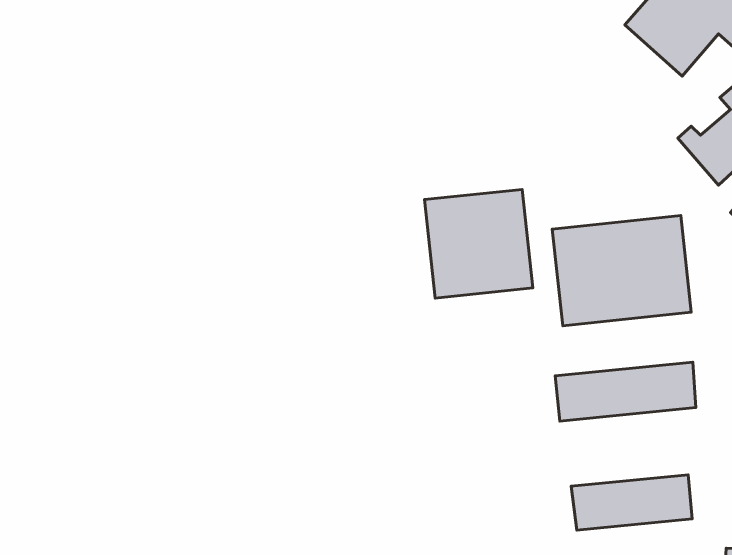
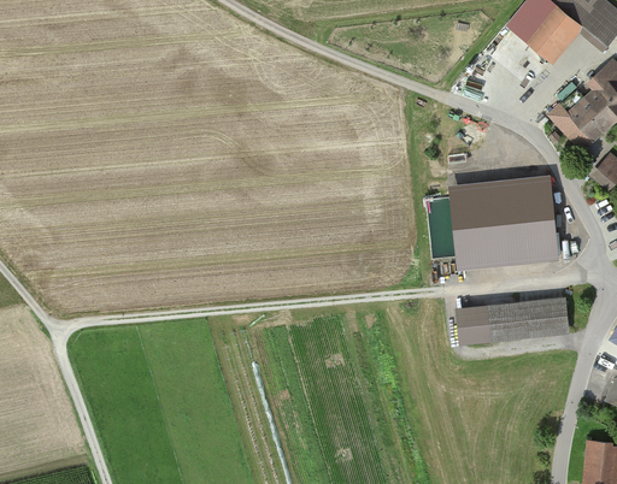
building: [425,190,533,298] -> none
building: [571,475,692,530] -> none

